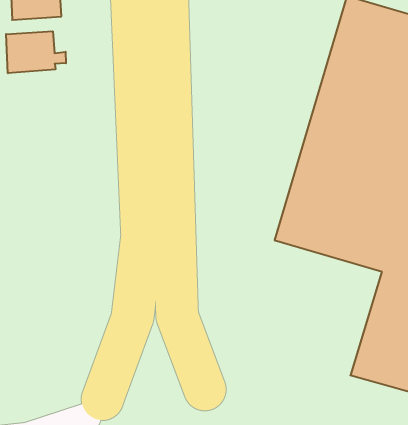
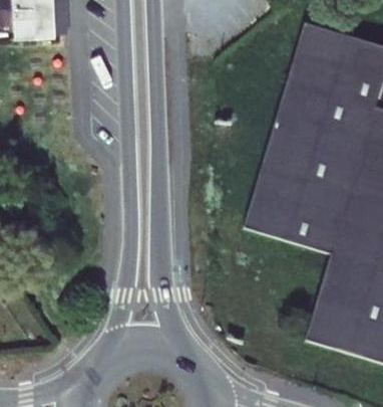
building: [6,31,66,73] -> none

